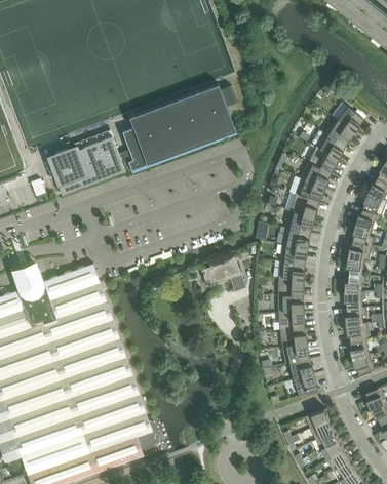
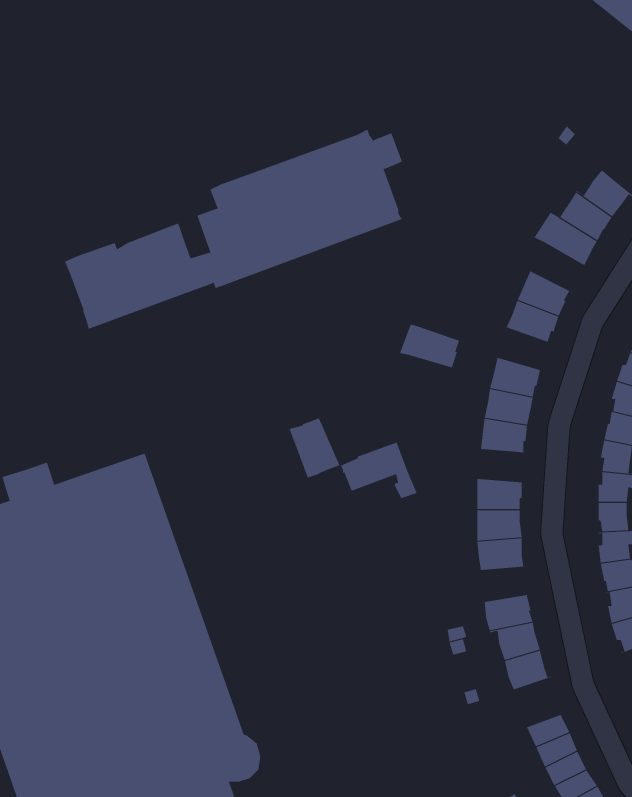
building: [307,149,337,175] -> none
building: [283,195,317,219] -> [399,324,460,368]
building: none -> [289,417,340,479]
building: [277,264,304,282] -> none
building: [279,329,306,349] -> none

